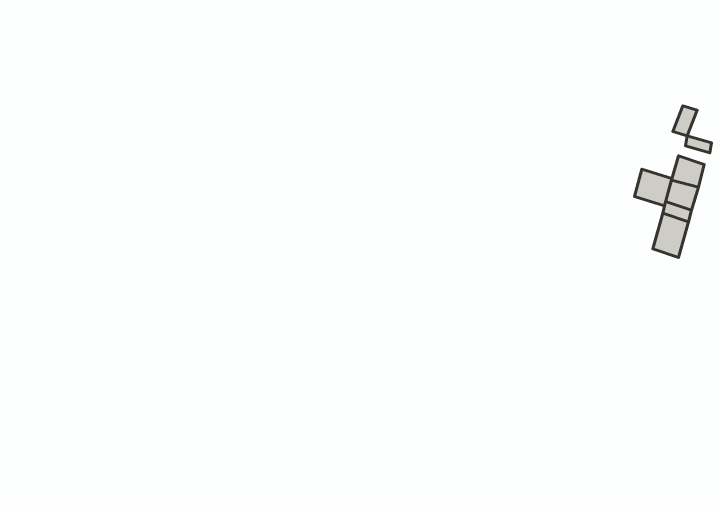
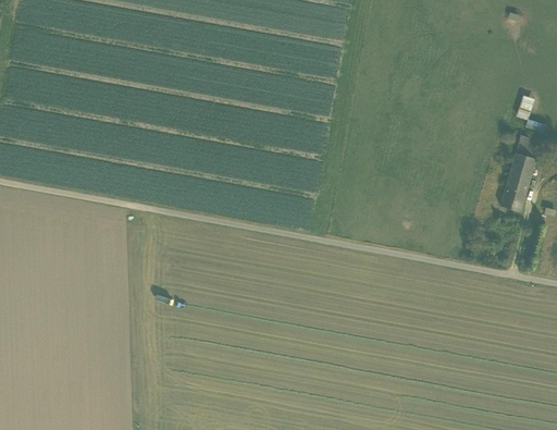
building: [635,169,672,206] -> none

